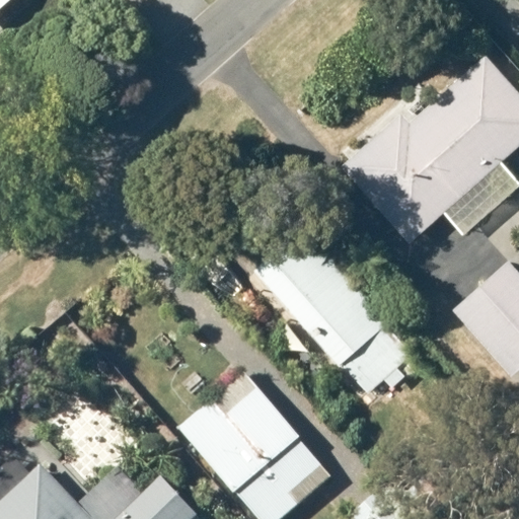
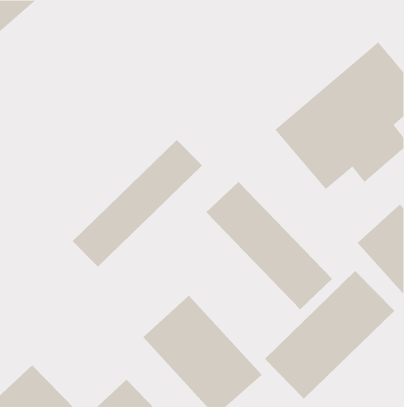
building: none -> [72,139,203,267]
building: none -> [264,270,395,399]

